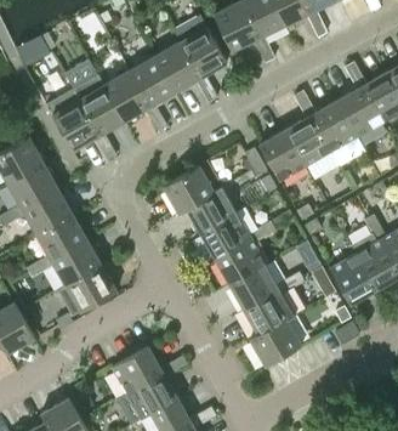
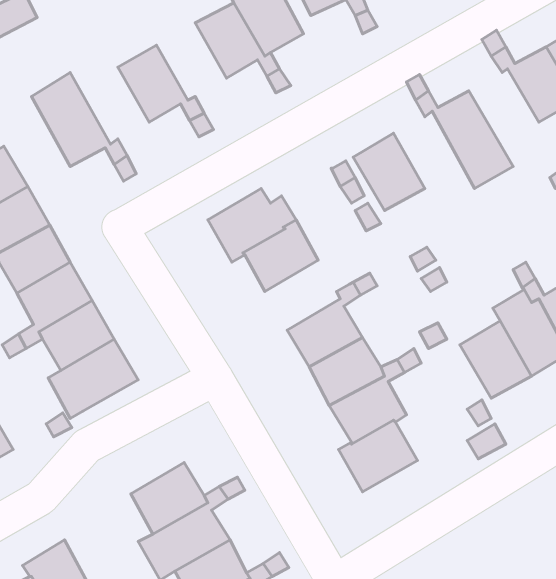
building: [129,56,175,107] -> none
building: [64,61,124,136] -> none
building: [335,86,381,136] -> none
building: [285,114,339,180] -> none
building: [200,208,256,259] -> none

